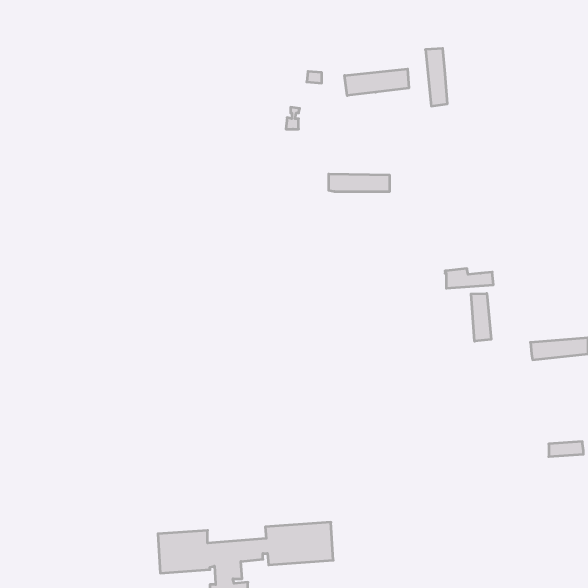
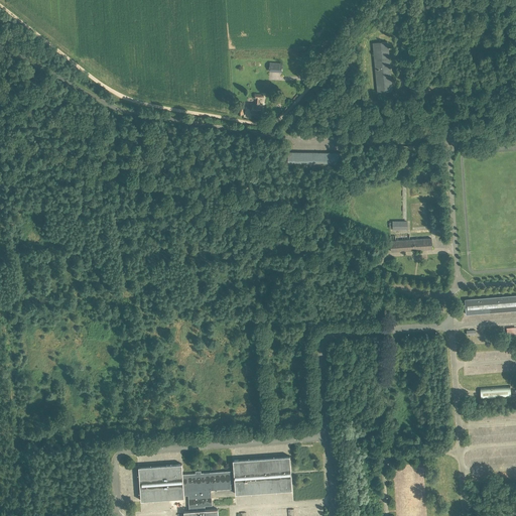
building: [345,69,409,96] -> none
building: [471,293,491,341] -> none

